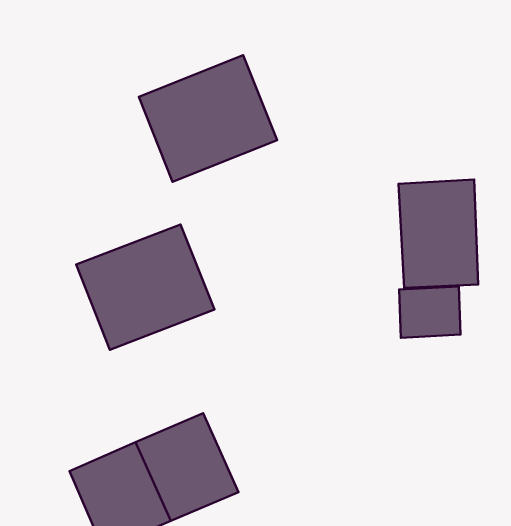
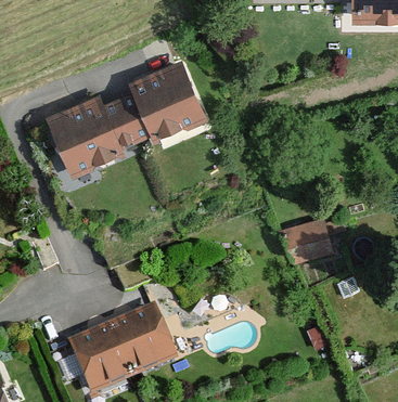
building: [399,180,478,288] -> none
building: [76,224,214,350] -> [42,92,136,177]

